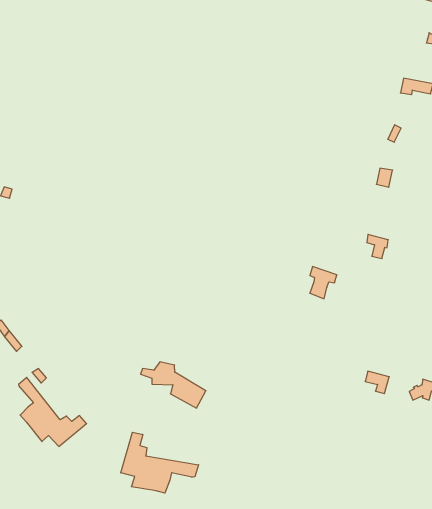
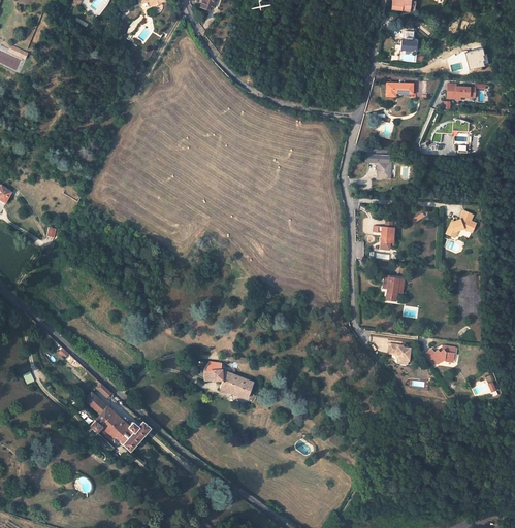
building: [310,267,337,299] -> [383,275,407,302]
building: [121,432,199,493] -> none

